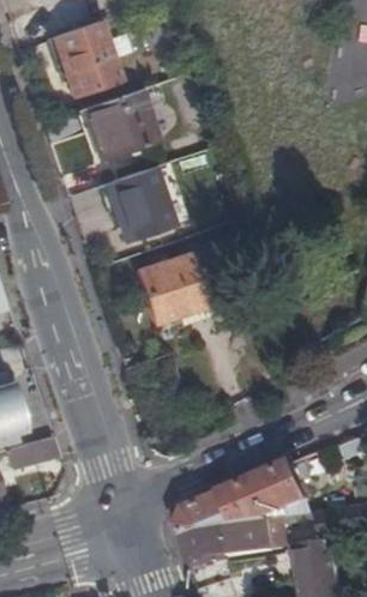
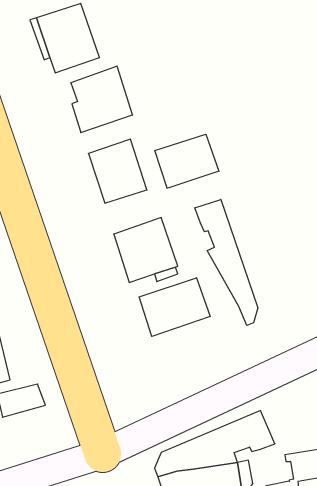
building: none -> [155,134,219,188]
building: none -> [195,199,258,325]
building: none -> [139,278,210,336]

